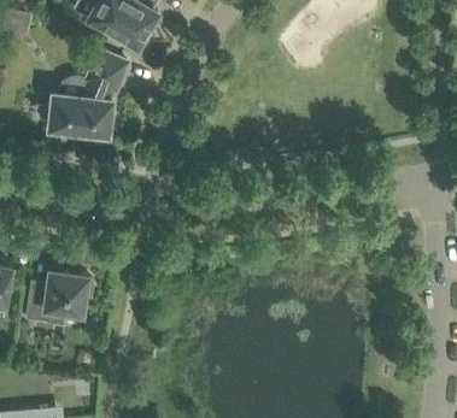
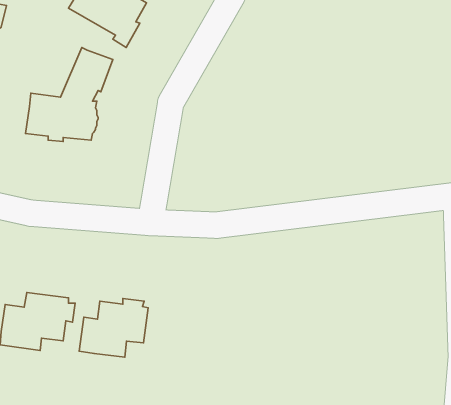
building: none -> [79,298,148,357]

